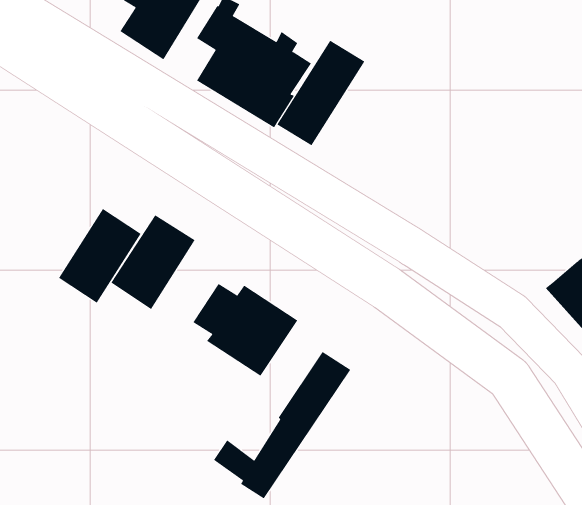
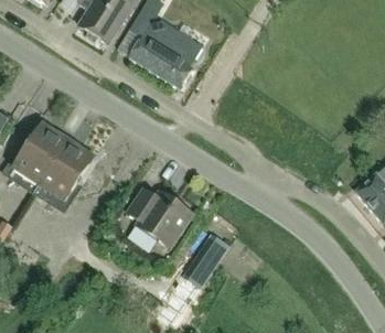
building: [276,40,365,146] -> none
building: [110,215,196,310] -> [13,122,68,184]

